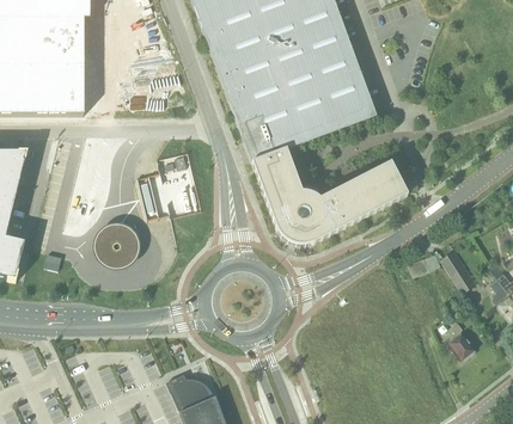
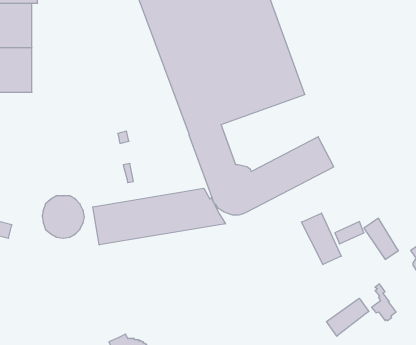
building: none -> [93,188,225,245]
building: none -> [301,213,341,265]
building: none -> [327,298,369,336]

